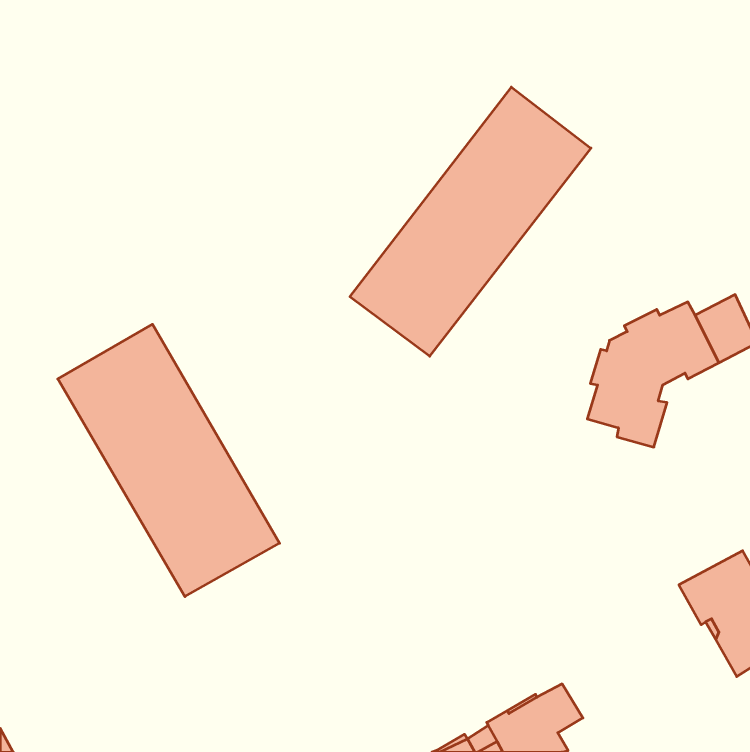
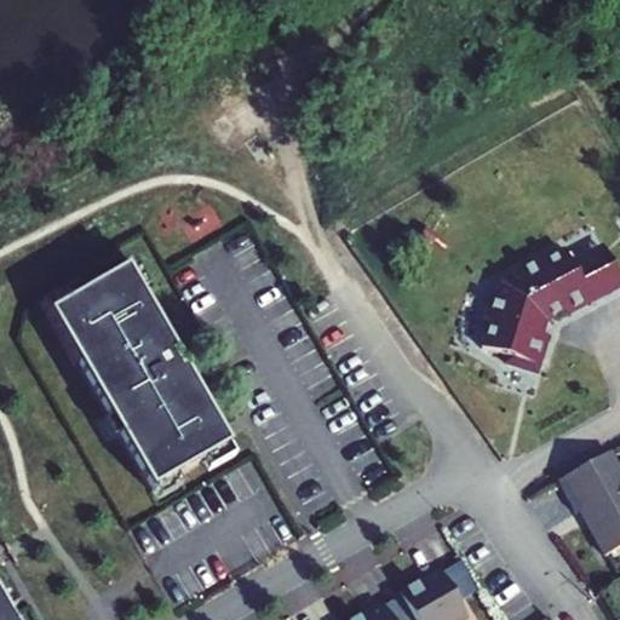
building: [350,87,591,356] -> none

